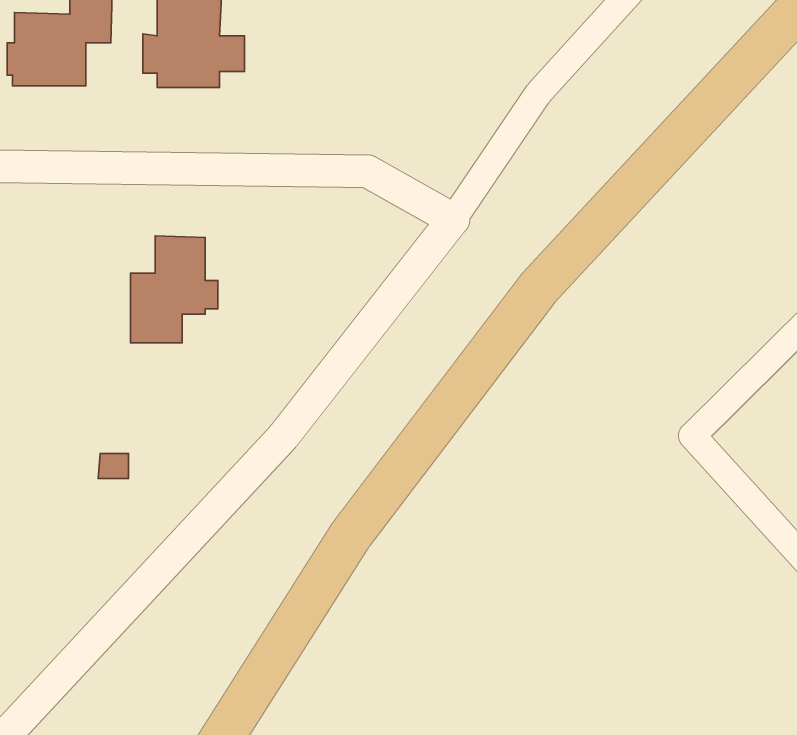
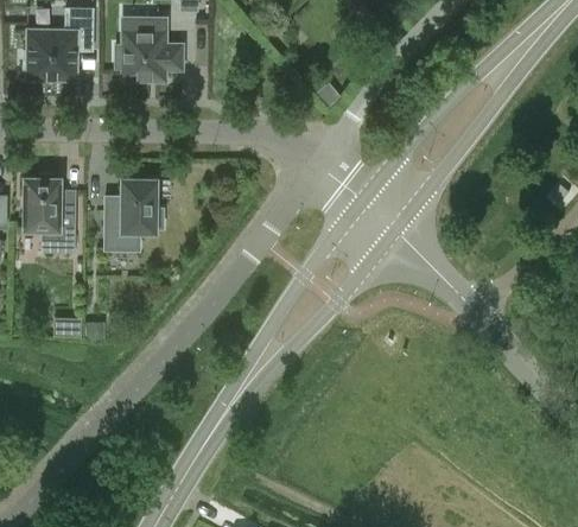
building: none -> [24,173,75,252]

